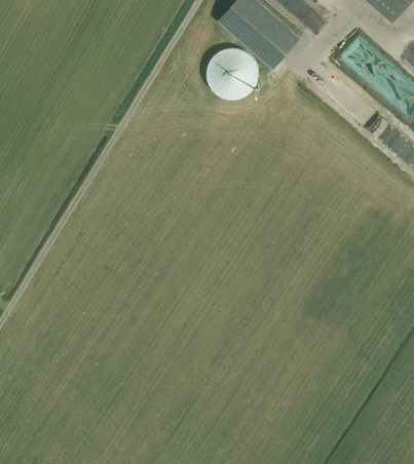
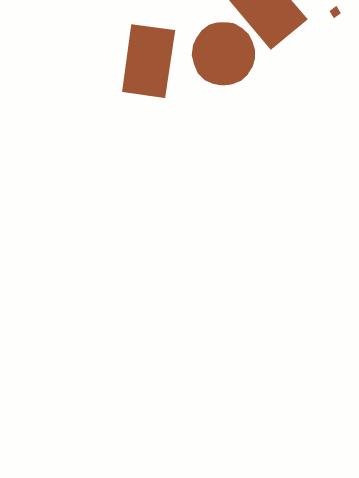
building: none -> [121,23,176,99]

